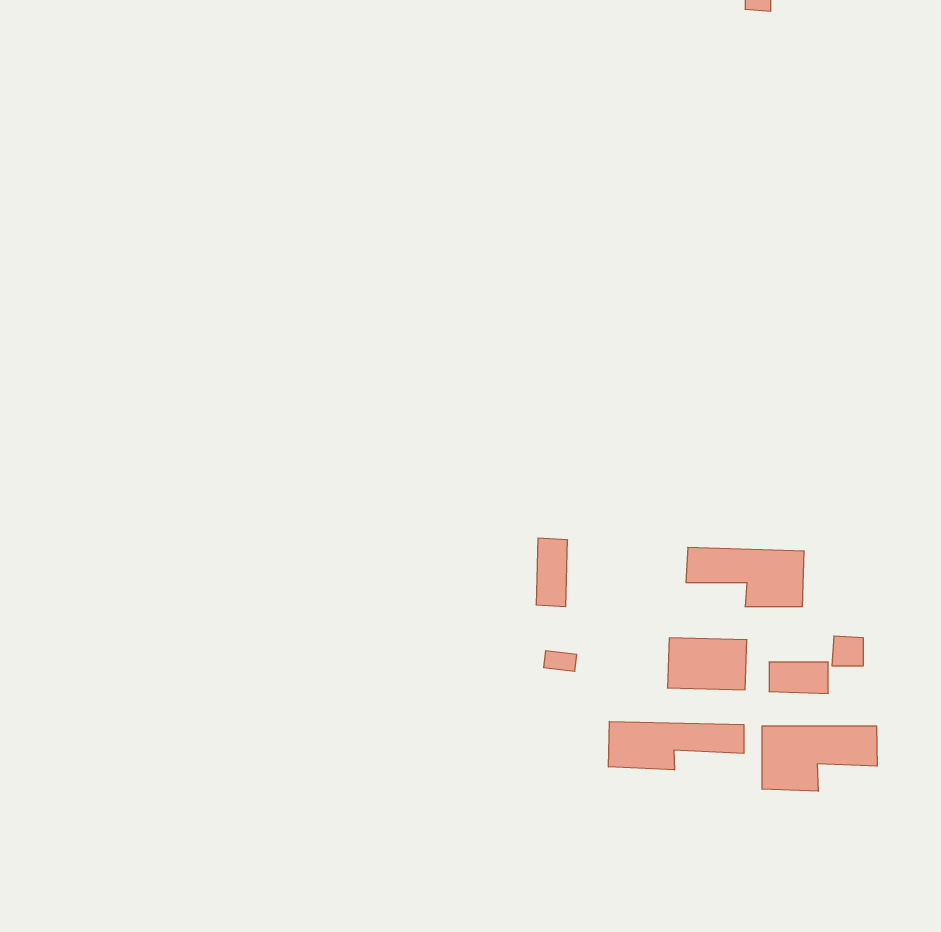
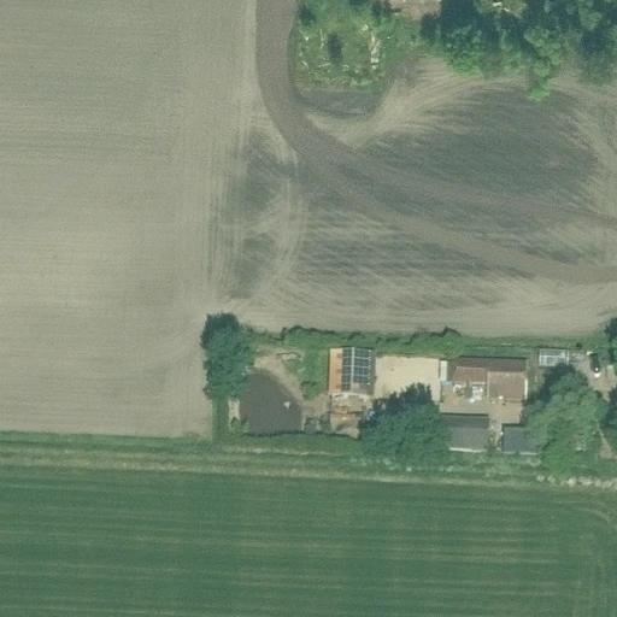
building: [608,721,744,770] -> none
building: [762,726,877,791] -> none

